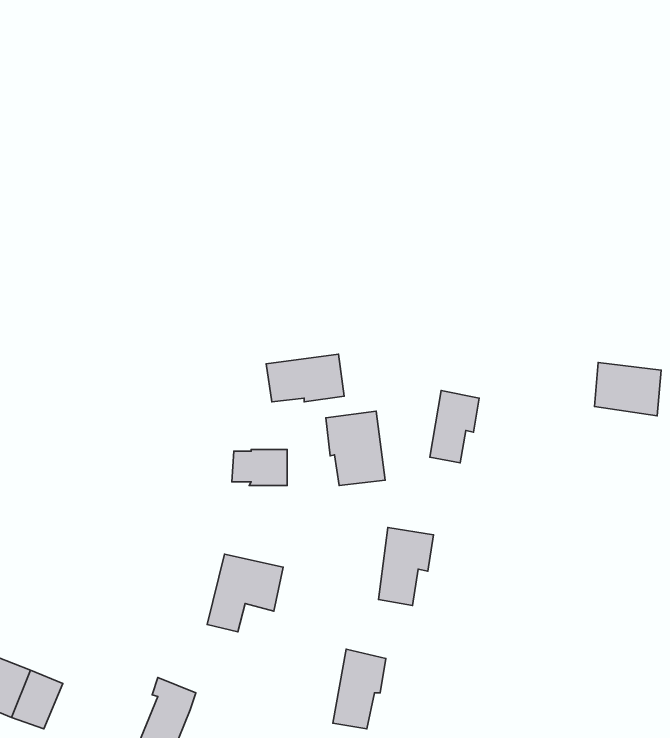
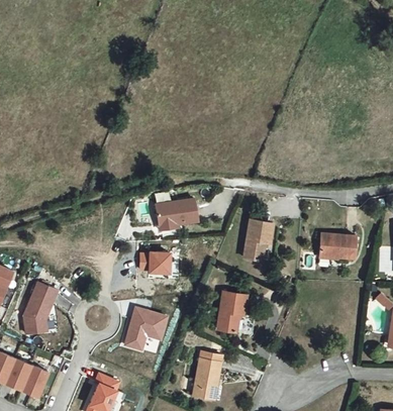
building: [594,363,661,416] -> [327,233,363,262]
building: [326,411,385,486] -> none
building: none -> [24,283,57,334]

